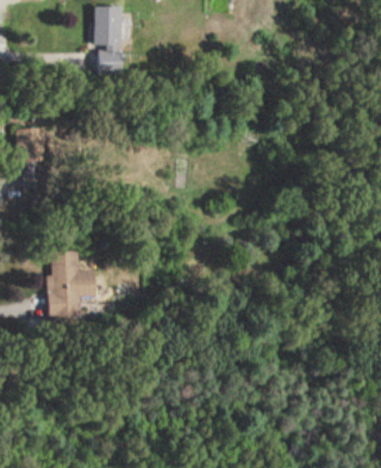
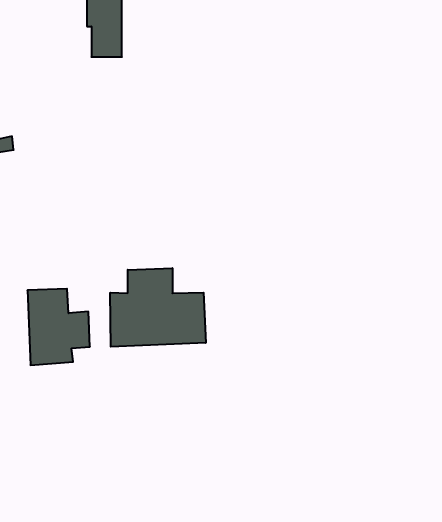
building: none -> [110,268,206,347]

